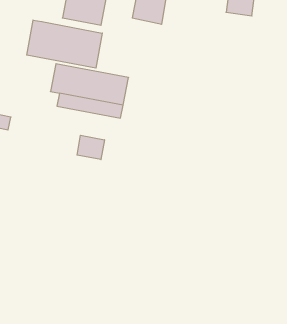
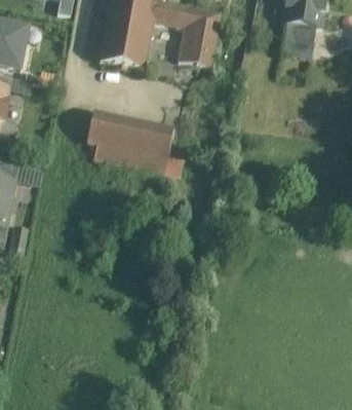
building: [27,20,102,68] -> none
building: [77,135,104,160] -> none

